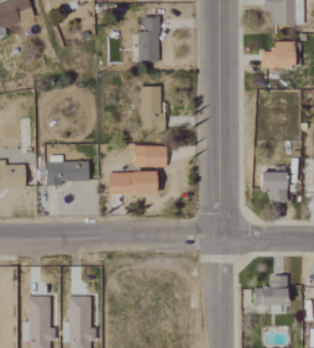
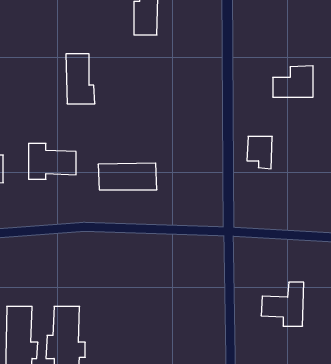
building: [262,41,297,68] -> [273,66,313,97]
building: [141,86,166,129] -> [66,54,95,104]
building: [134,145,168,167] -> none
building: [263,173,285,201] -> [247,136,272,169]

